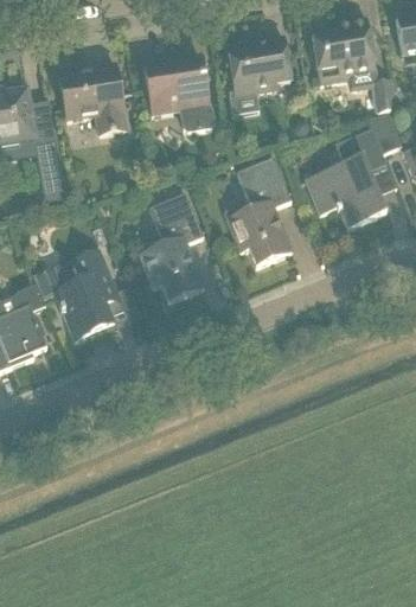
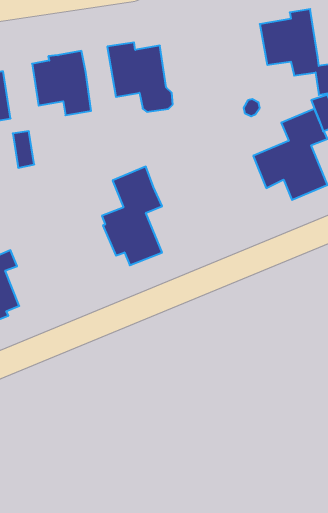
building: [228,36,292,96] -> none
building: [224,156,292,264] -> none
building: [50,249,119,339] -> none

